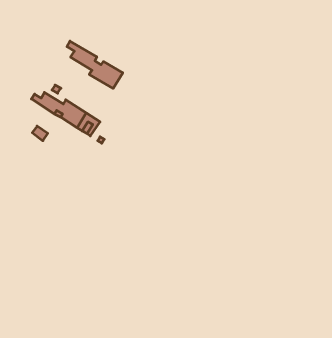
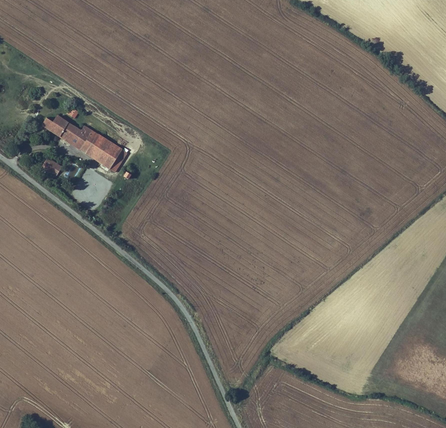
building: [67,41,123,88] -> none

